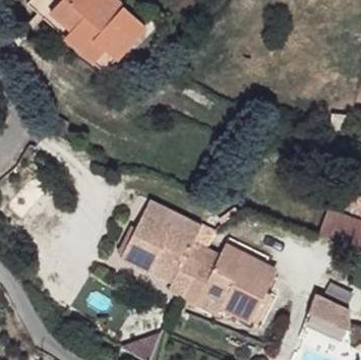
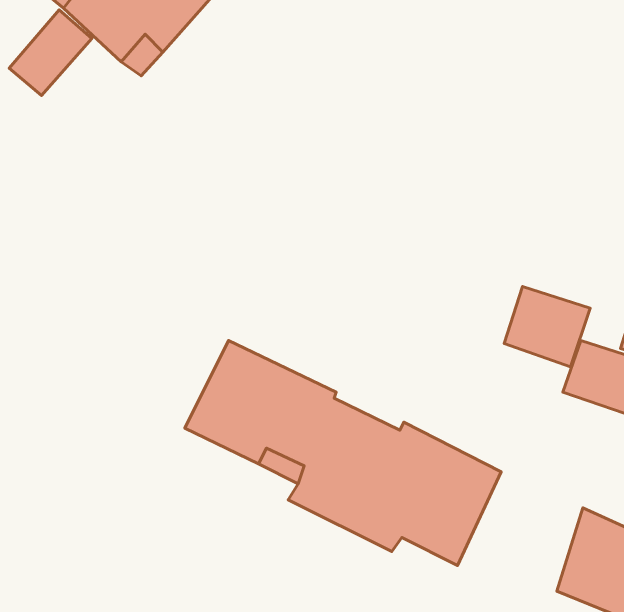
building: none -> [9,10,92,95]
building: none -> [504,286,590,367]

